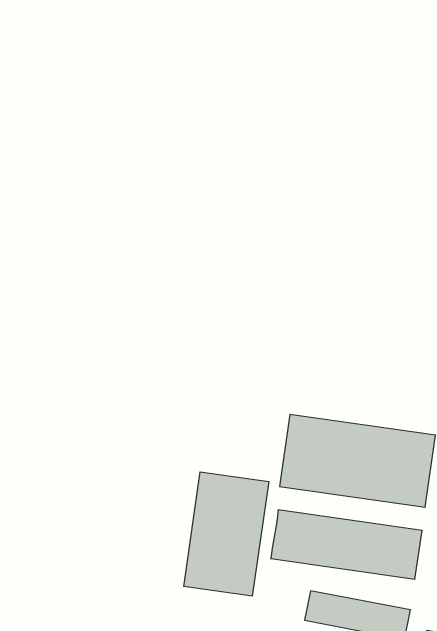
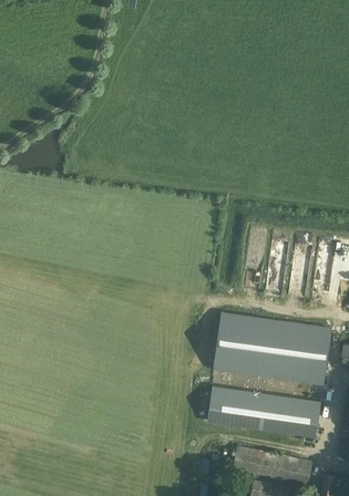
building: [184,472,269,596] -> none

